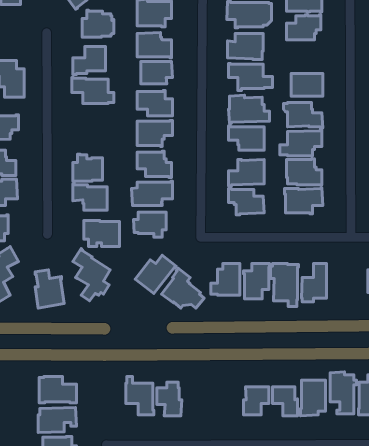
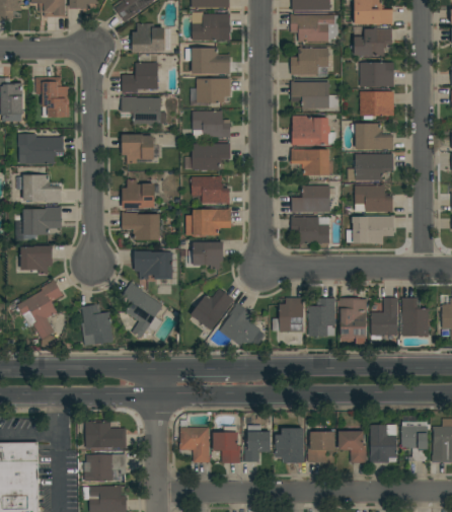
building: none -> [359,63,393,87]
building: none -> [122,135,153,164]
building: none -> [401,298,429,337]
building: none -> [244,427,271,462]
building: none -> [275,429,304,463]

